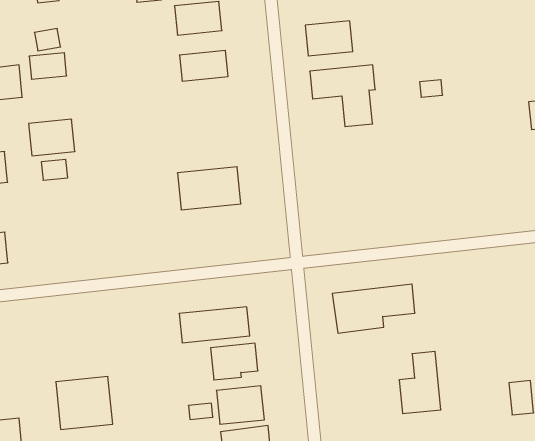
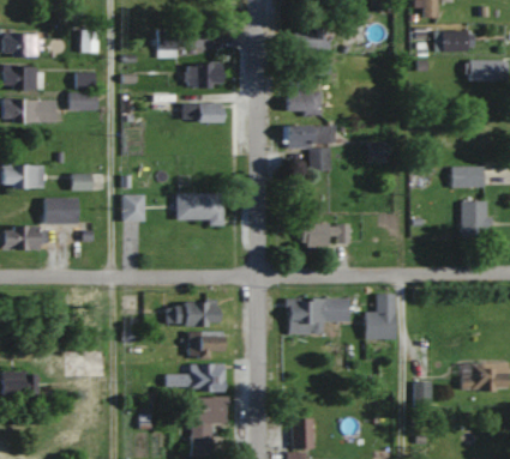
building: [29,119,75,156] -> [44,198,78,223]
building: none -> [124,194,144,221]
building: none -> [302,223,352,244]
building: [399,351,441,414] -> [366,292,396,338]

